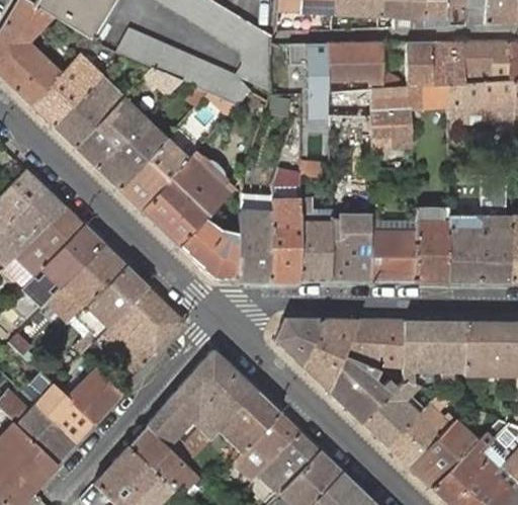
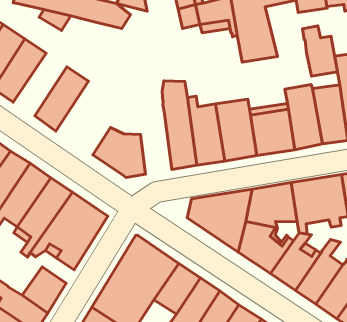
building: [97,117,167,188] -> none
building: none -> [303,26,337,76]
building: [141,150,235,246] -> none
building: [237,192,272,279] -> none

